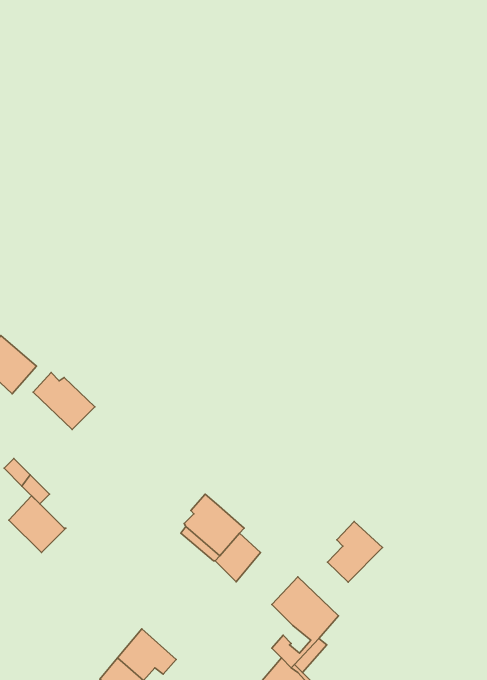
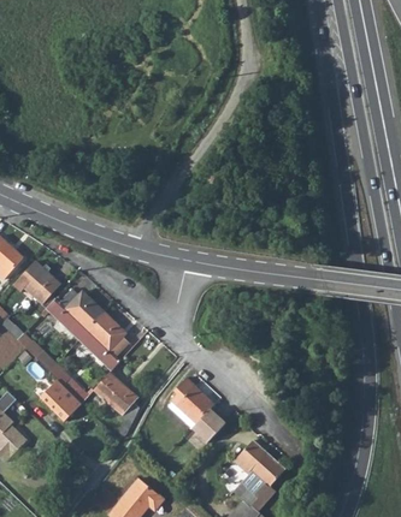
building: none -> [87,313,128,356]
building: none -> [94,372,138,433]
building: [327,522,382,582] -> none

